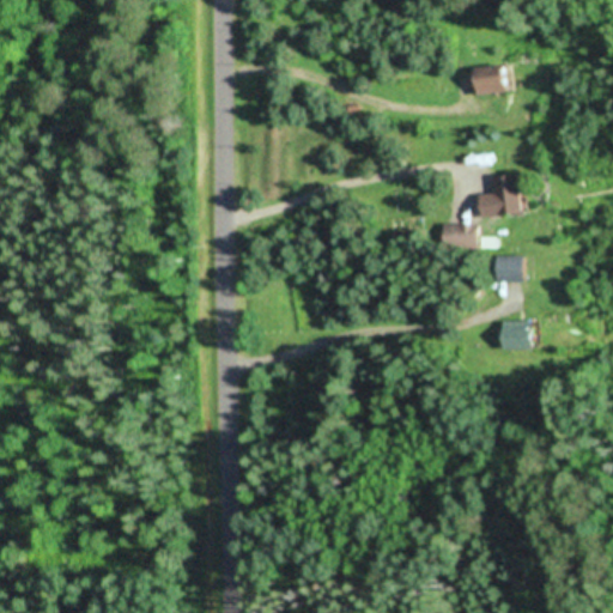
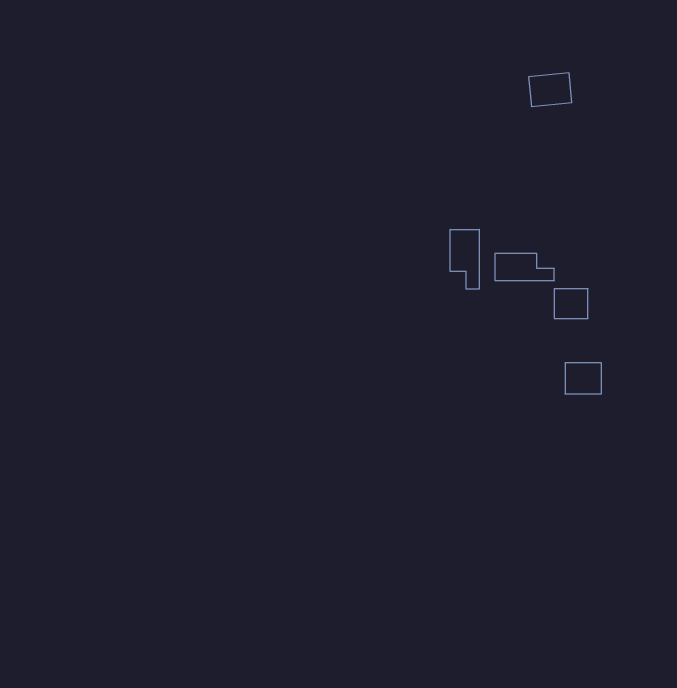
building: [478,176,521,218] -> none
building: none -> [450,229,479,289]

